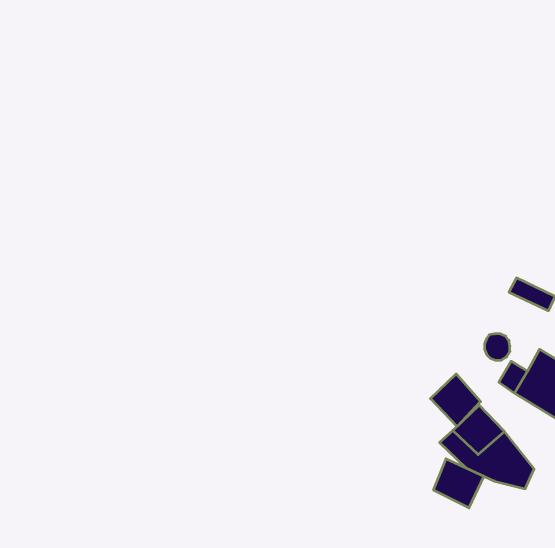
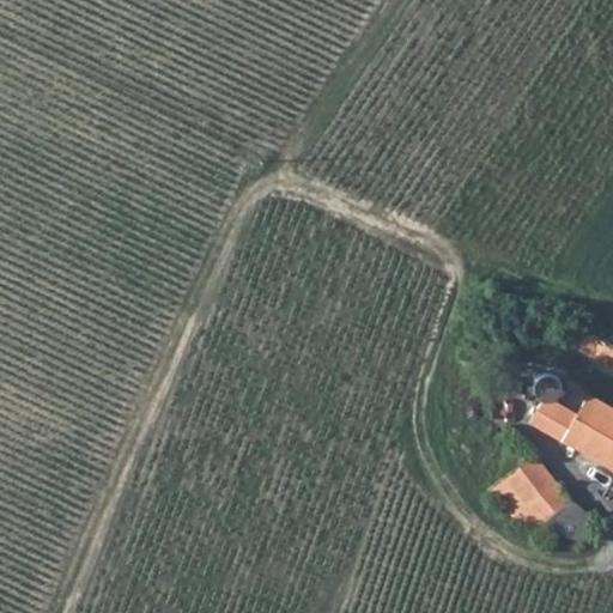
building: [430,374,481,426] -> none
building: [434,459,484,508] -> none

